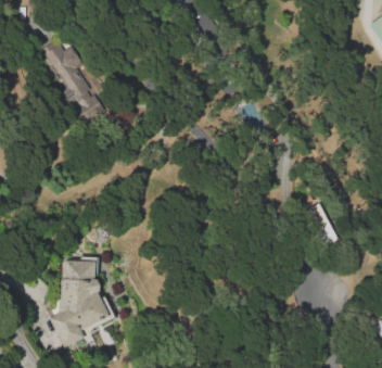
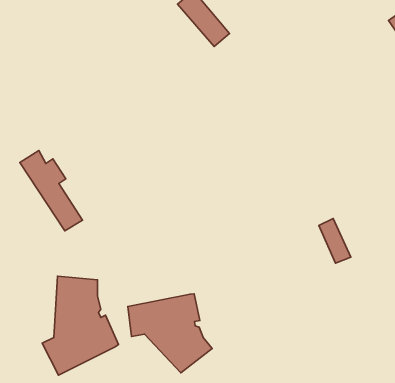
building: [42,39,100,113] -> [20,151,82,231]
building: none -> [128,294,212,373]

